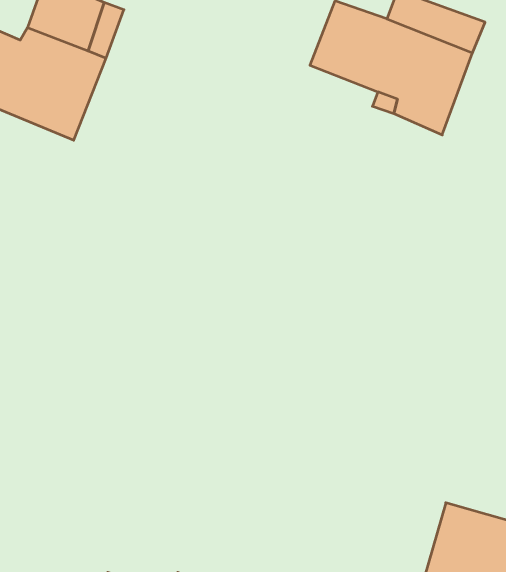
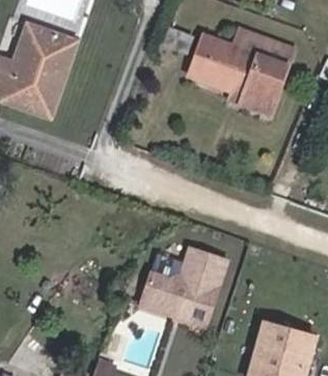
building: none -> [137,250,225,328]

